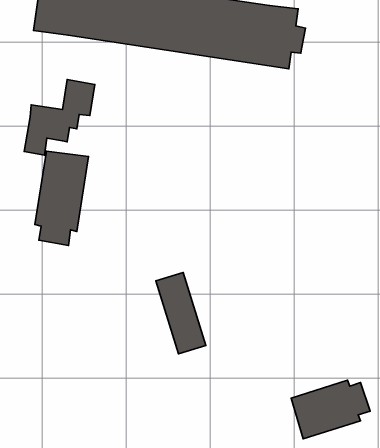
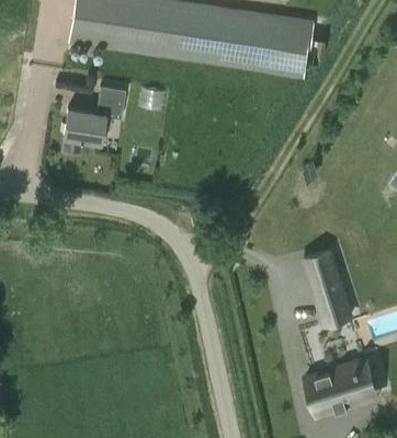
building: [35,151,88,246] -> none
building: [156,273,206,354] -> [306,250,352,324]

